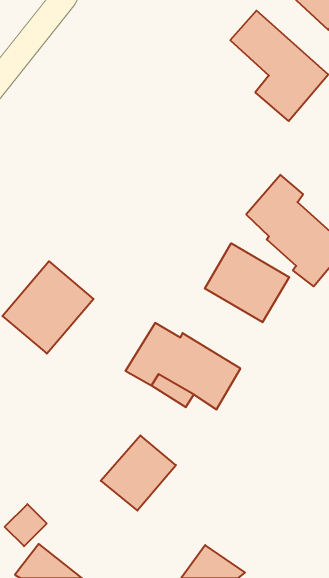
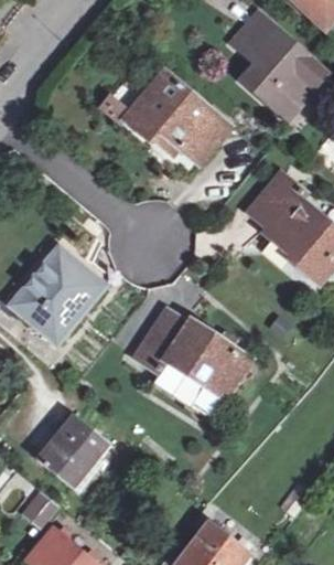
building: none -> [127,73,227,161]
building: [205,243,289,322] -> none
building: [101,435,176,511] -> [40,417,112,490]

